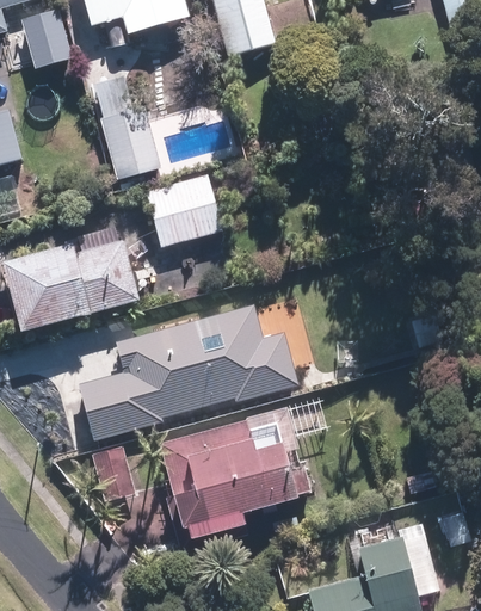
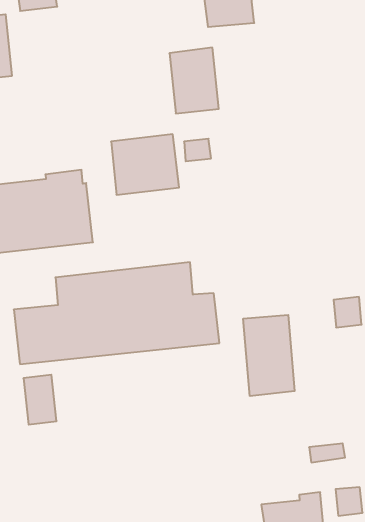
building: [100,105,161,180] -> [169,48,219,113]
building: none -> [243,315,295,396]
building: [162,421,307,551] -> none

